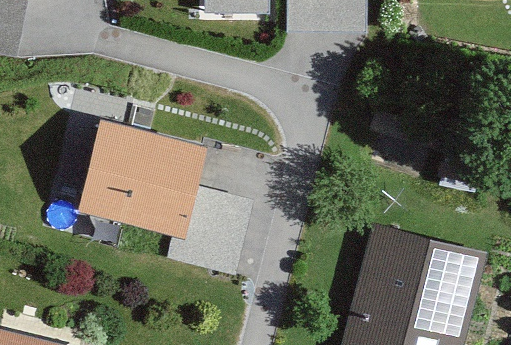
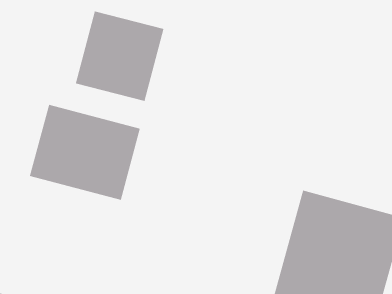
building: none -> [75,10,164,102]

